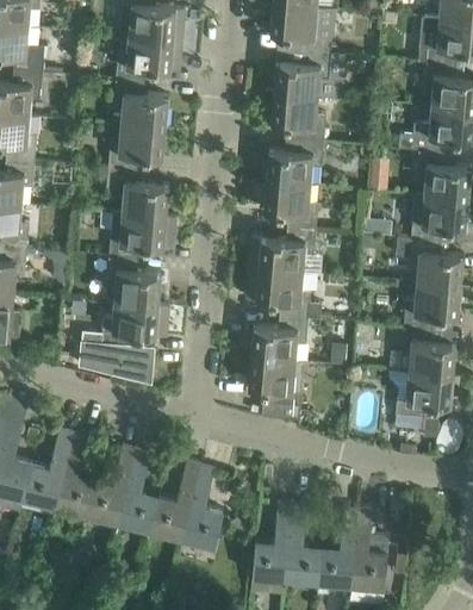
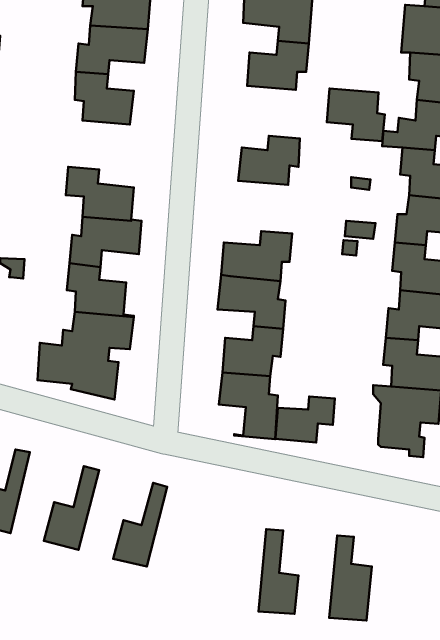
building: [270,94,324,143] -> [327,89,385,141]
building: [107,126,164,172] -> none
building: [262,182,317,231] -> none
building: none -> [275,396,335,442]
building: [54,434,94,516] -> none
building: [117,450,158,533] -> none
building: [180,466,223,549] -> none
building: [251,504,291,581] -> none
building: [317,510,356,587] -> none

